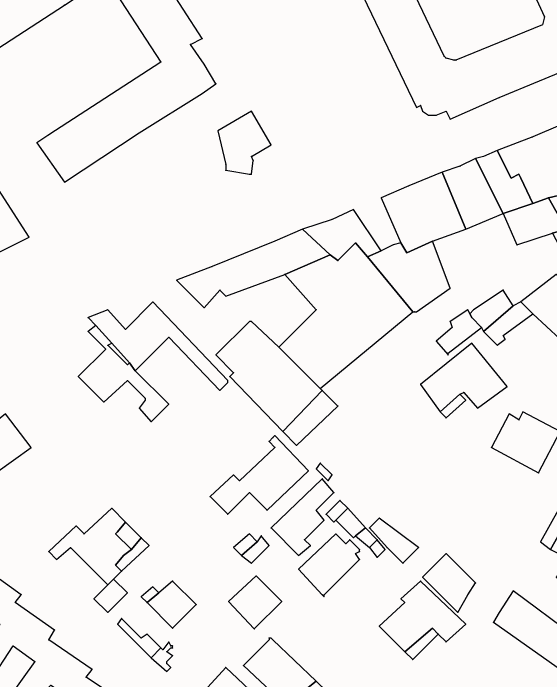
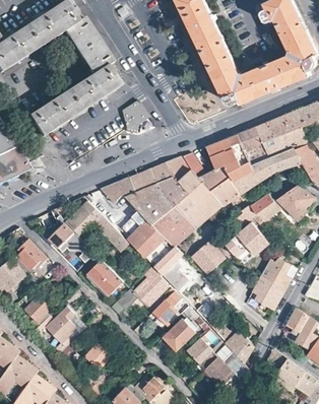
building: none -> [232,153,275,192]
building: none -> [125,185,172,222]
building: none -> [15,238,48,269]
building: none -> [189,241,225,272]
building: none -> [87,259,123,295]
building: none -> [253,274,286,308]
building: none -> [26,295,50,328]
building: [229,576,282,629] -> [186,336,213,363]

